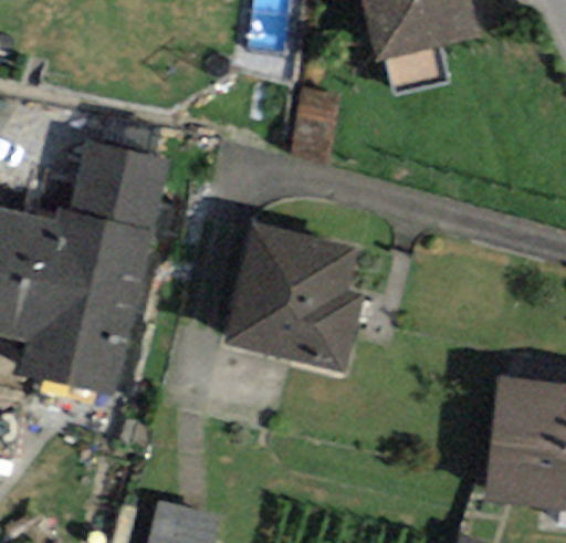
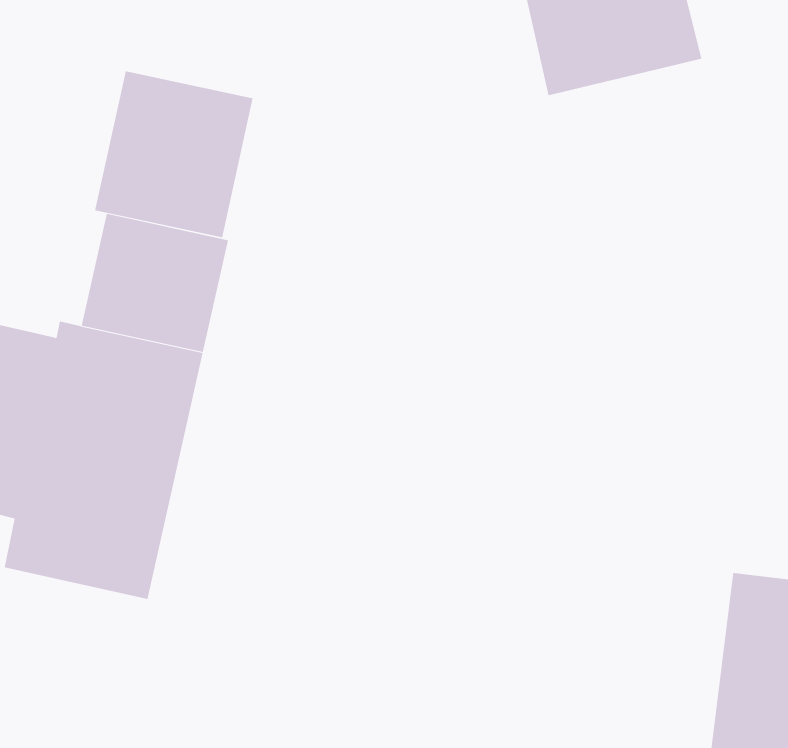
building: none -> [95,70,253,238]
building: [222,221,363,373] -> none

